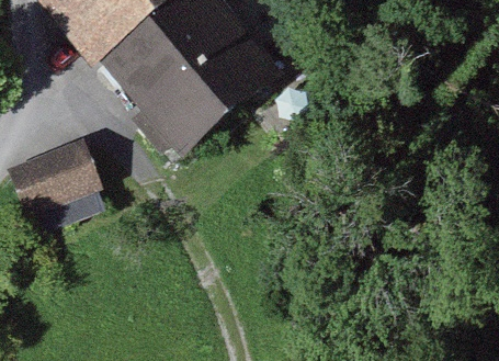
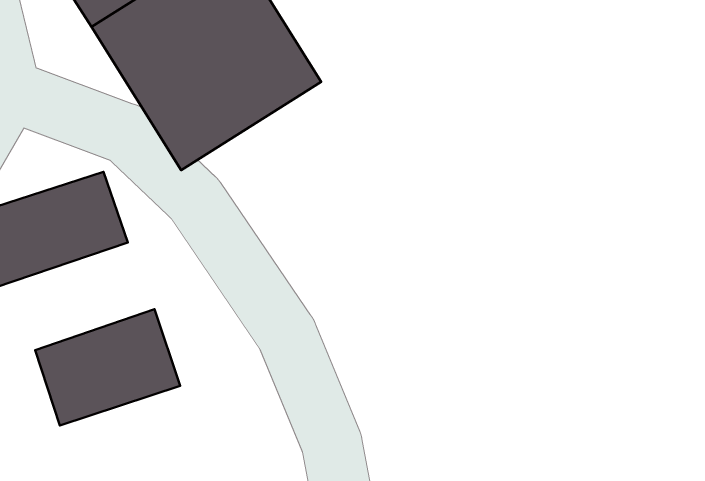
building: none -> [35,309,180,425]

